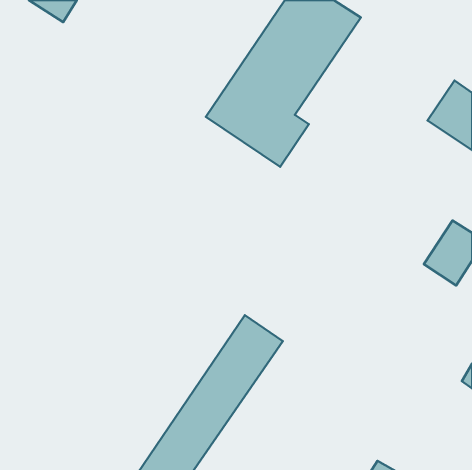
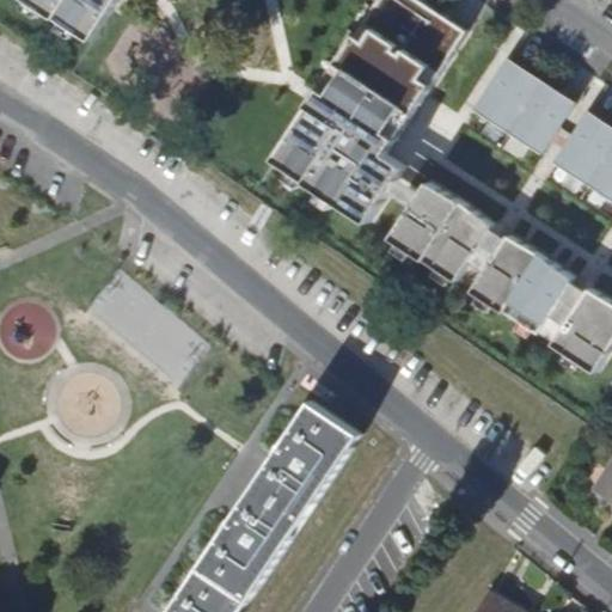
building: none -> [469,54,570,151]
building: none -> [384,182,486,281]
building: none -> [465,234,568,335]

